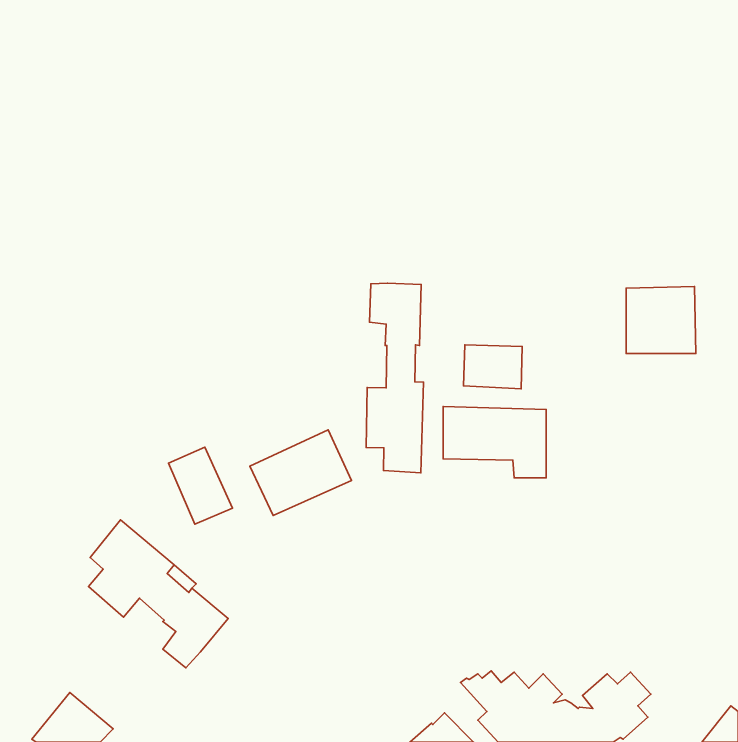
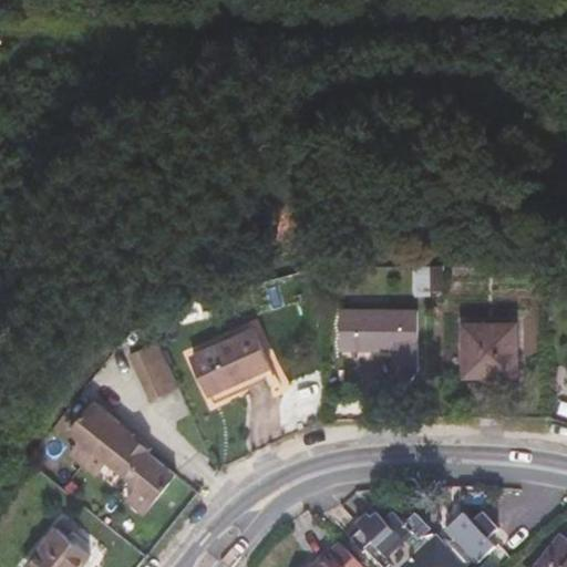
building: [366,283,423,473] -> none
building: [626,287,696,353] -> [462,323,515,374]
building: [463,345,522,389] -> none

